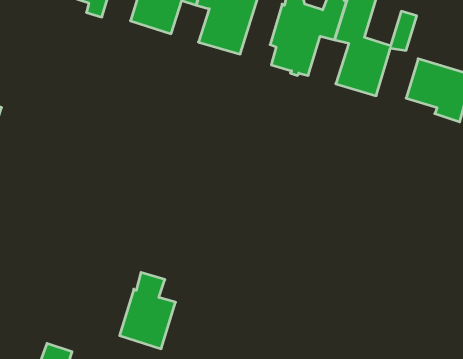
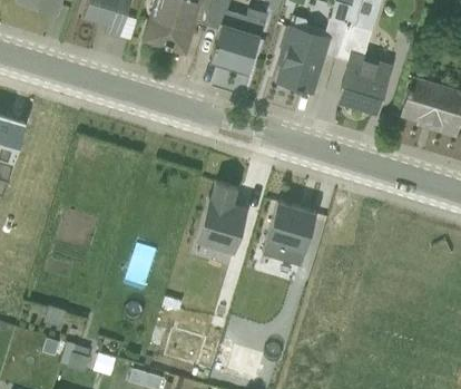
building: none -> [262,203,315,265]
building: [120,272,176,349] -> [195,183,247,254]

